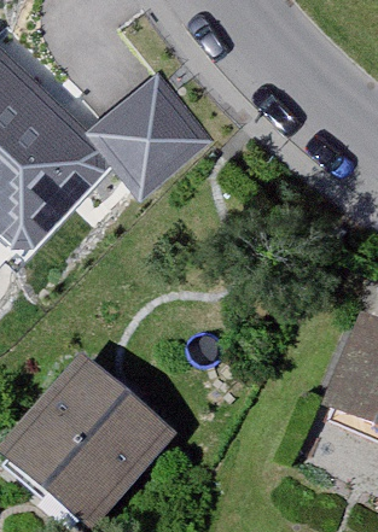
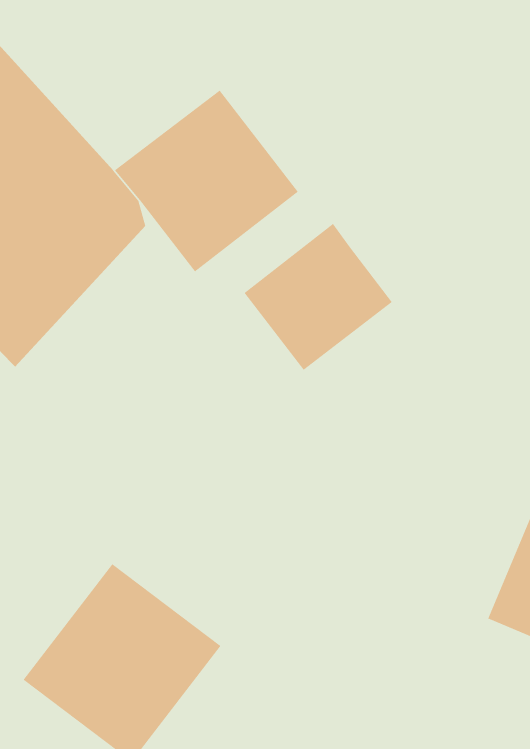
building: none -> [243,223,393,371]

